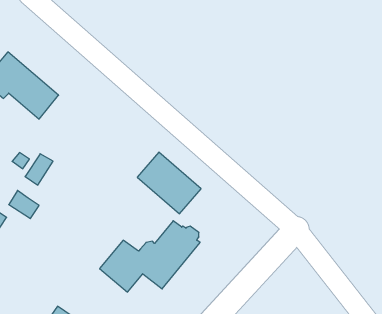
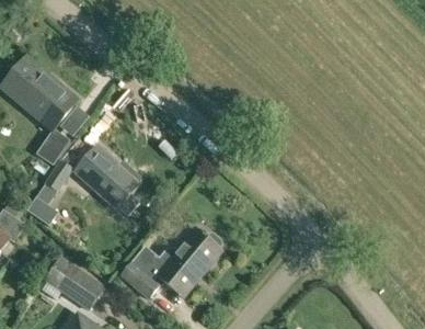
building: none -> [35,127,69,164]
building: [137,152,201,214] -> [74,145,139,207]
building: none -> [38,256,105,310]

